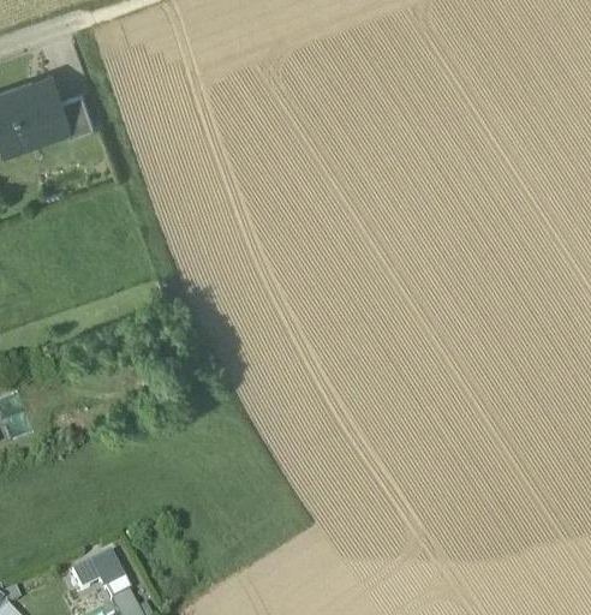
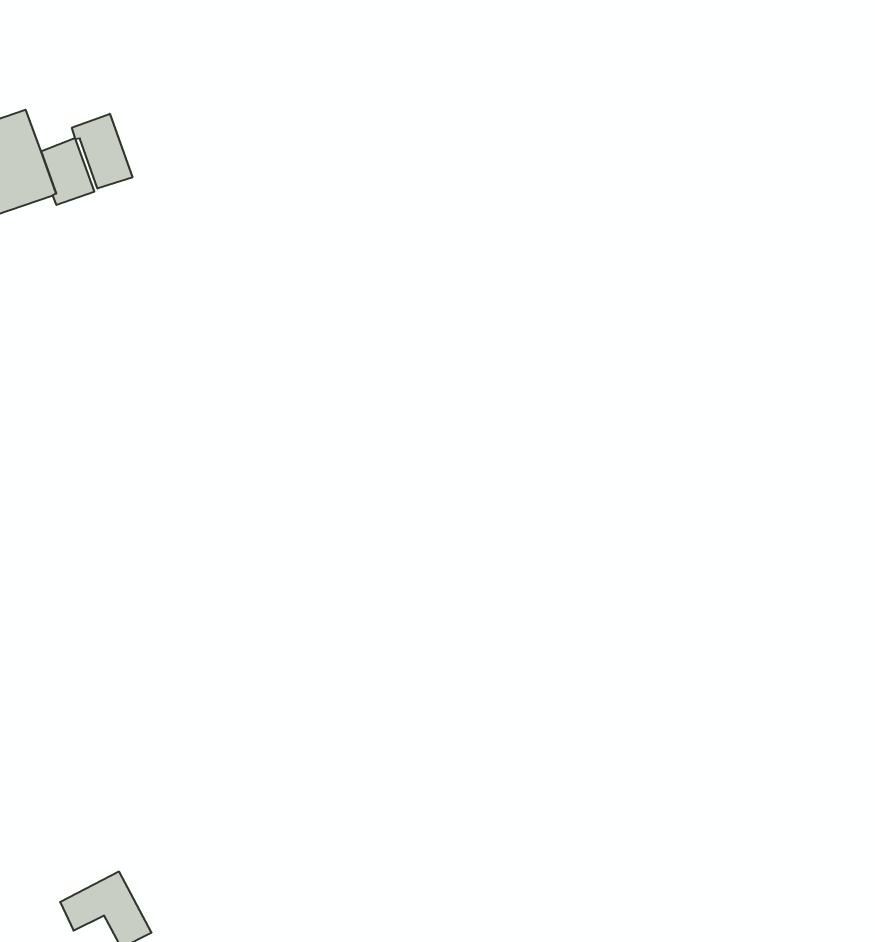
building: none -> [72,114,132,189]

